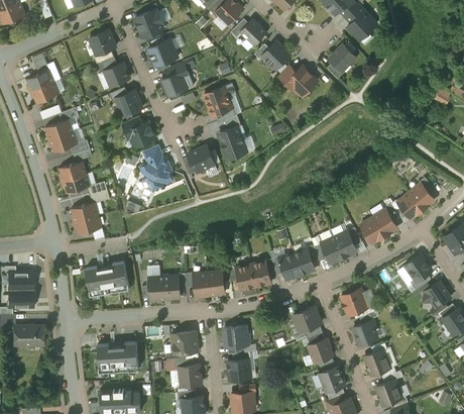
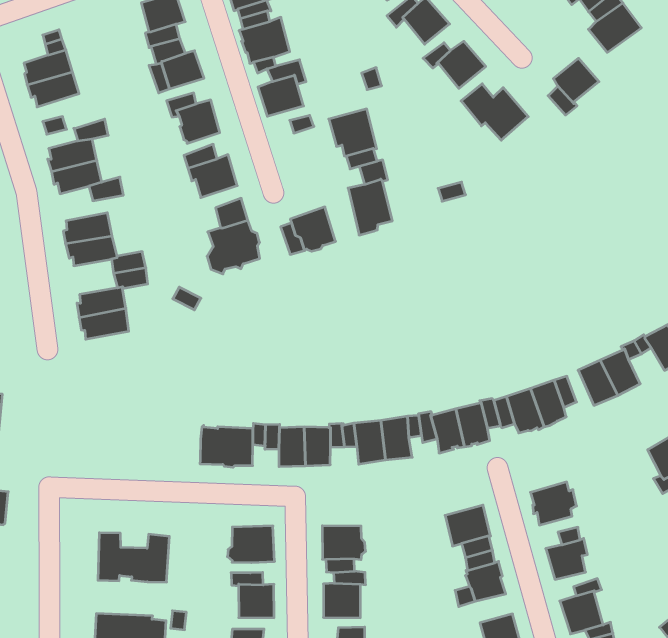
building: [86,263,129,296] -> none

